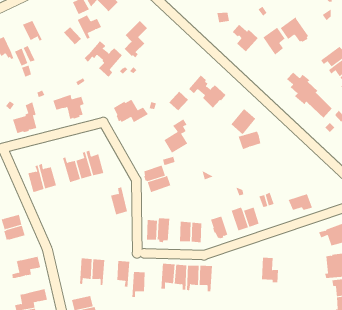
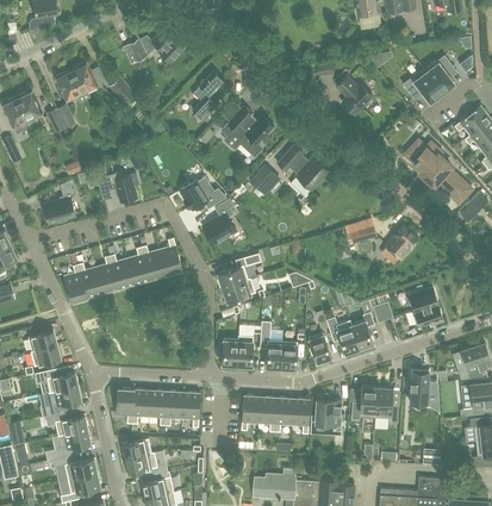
building: [77,14,102,40] -> [70,64,104,98]
building: [262,27,286,55] -> [423,55,454,93]
building: [84,40,123,78] -> [222,106,274,156]
building: [230,108,256,135] -> [385,224,419,260]
building: [163,119,188,153] -> [200,196,233,243]
building: none -> [95,255,119,292]
building: none -> [405,286,437,311]
building: [110,186,128,215] -> [158,237,182,275]
building: none -> [35,367,77,392]
building: none -> [409,370,438,402]
building: none -> [351,386,376,419]
building: none -> [116,388,135,423]
building: none -> [311,399,342,433]
building: [131,271,146,297] -> [164,391,183,425]
building: none -> [45,411,87,436]

